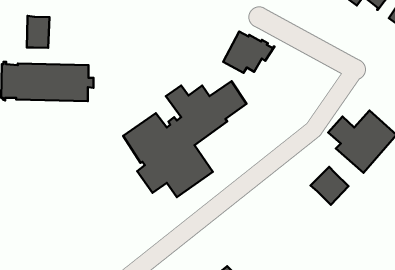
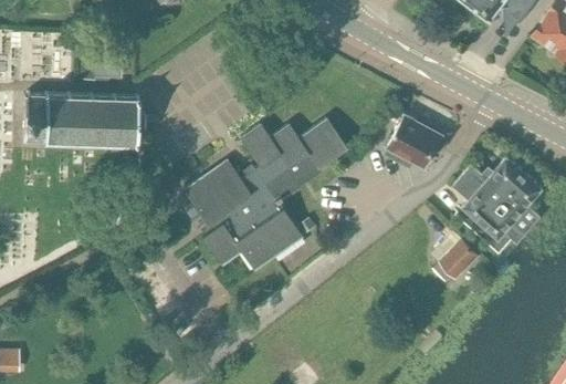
building: [27,16,49,48] -> none
building: [223,31,275,73] -> [385,116,452,170]

